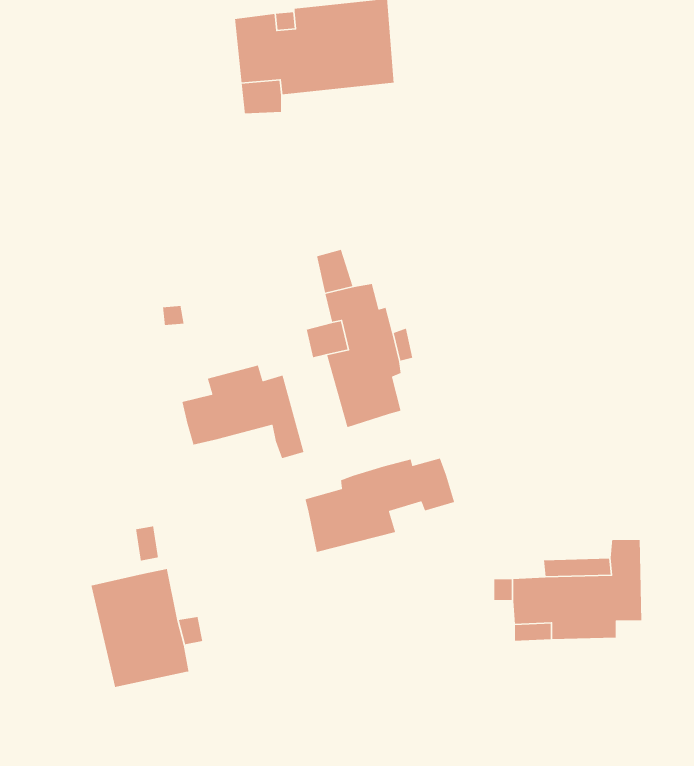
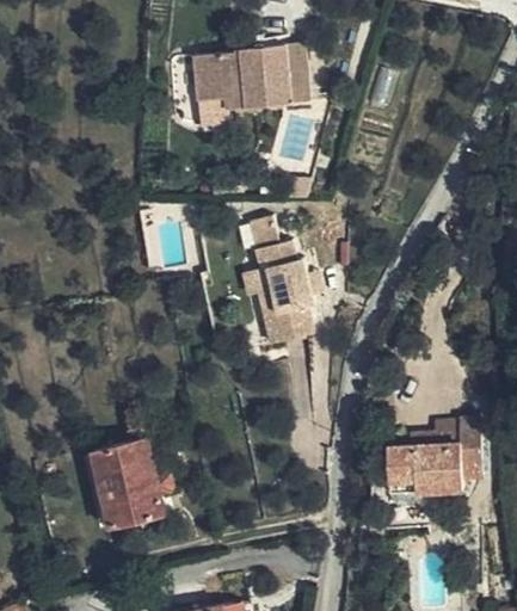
building: [182,364,304,459] -> none
building: [305,458,455,553] -> none

